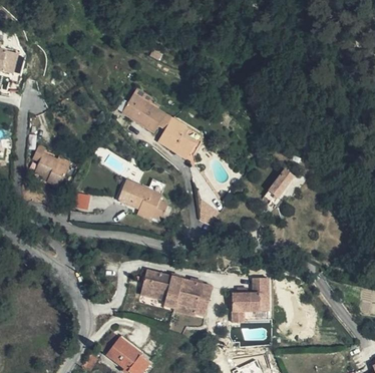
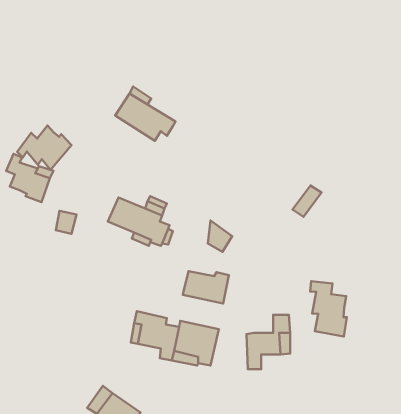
building: [158,117,202,158] -> none
building: none -> [17,126,72,170]
building: none -> [183,271,229,304]
building: none -> [310,281,347,336]

